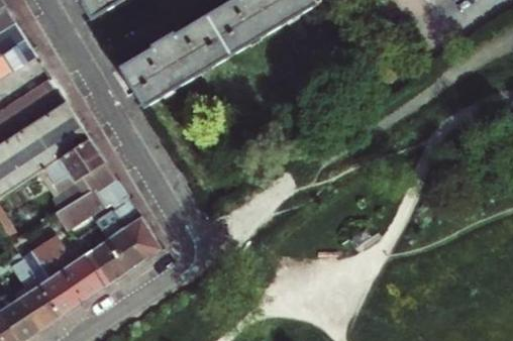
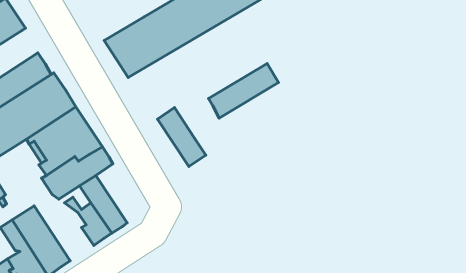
building: none -> [209,64,278,118]
building: [109,197,161,259] -> [158,108,206,167]
building: [43,234,107,300] -> none

